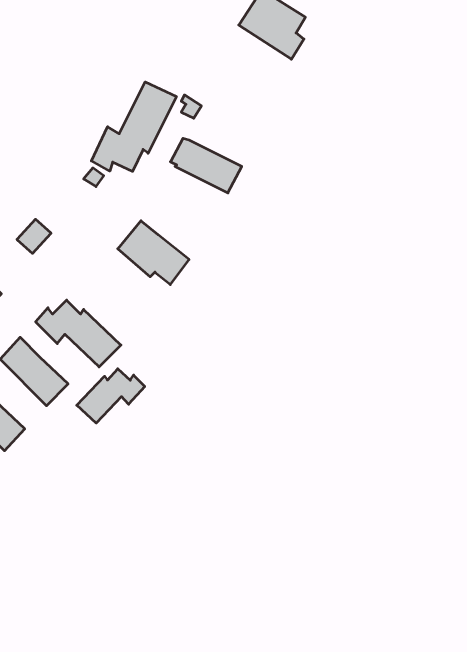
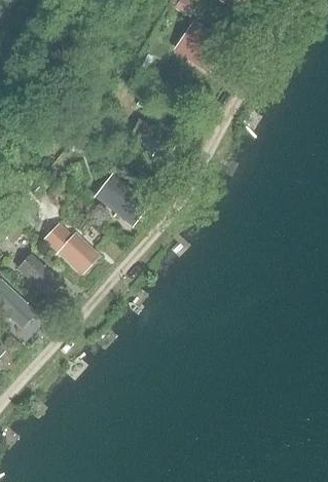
building: [91,82,176,171] -> none
building: [77,369,145,423] -> none

